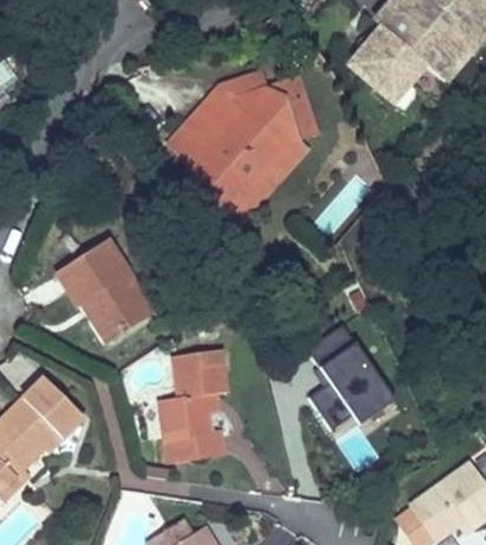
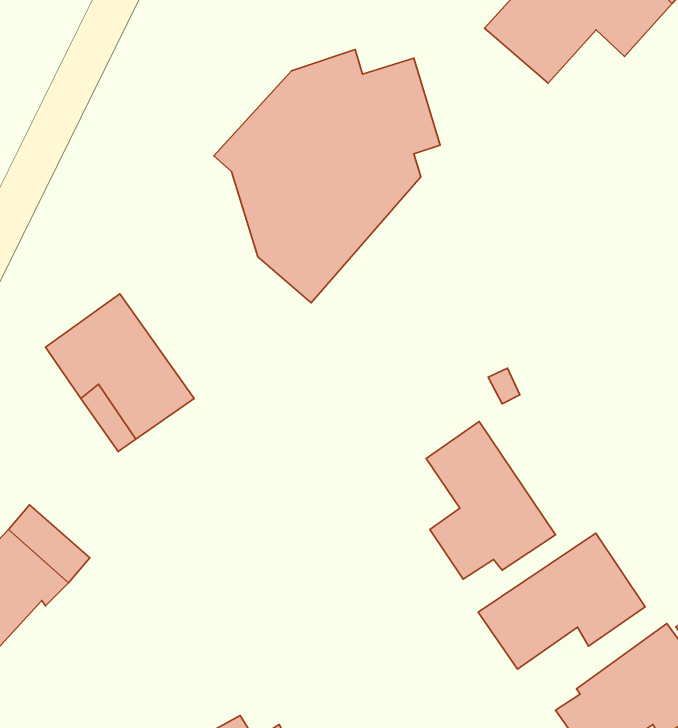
building: [159,350,221,460] -> none
building: none -> [478,533,645,669]

